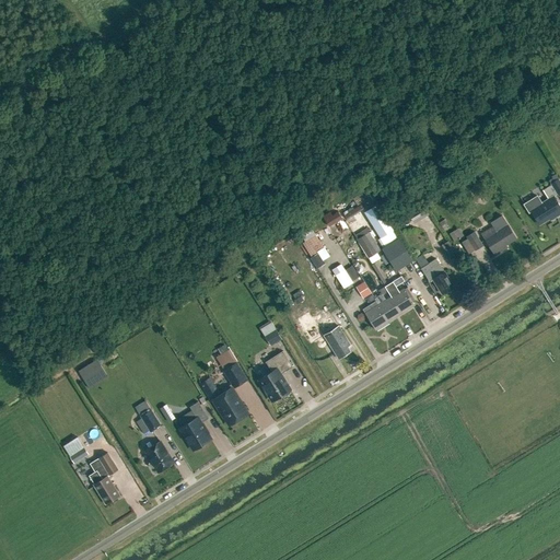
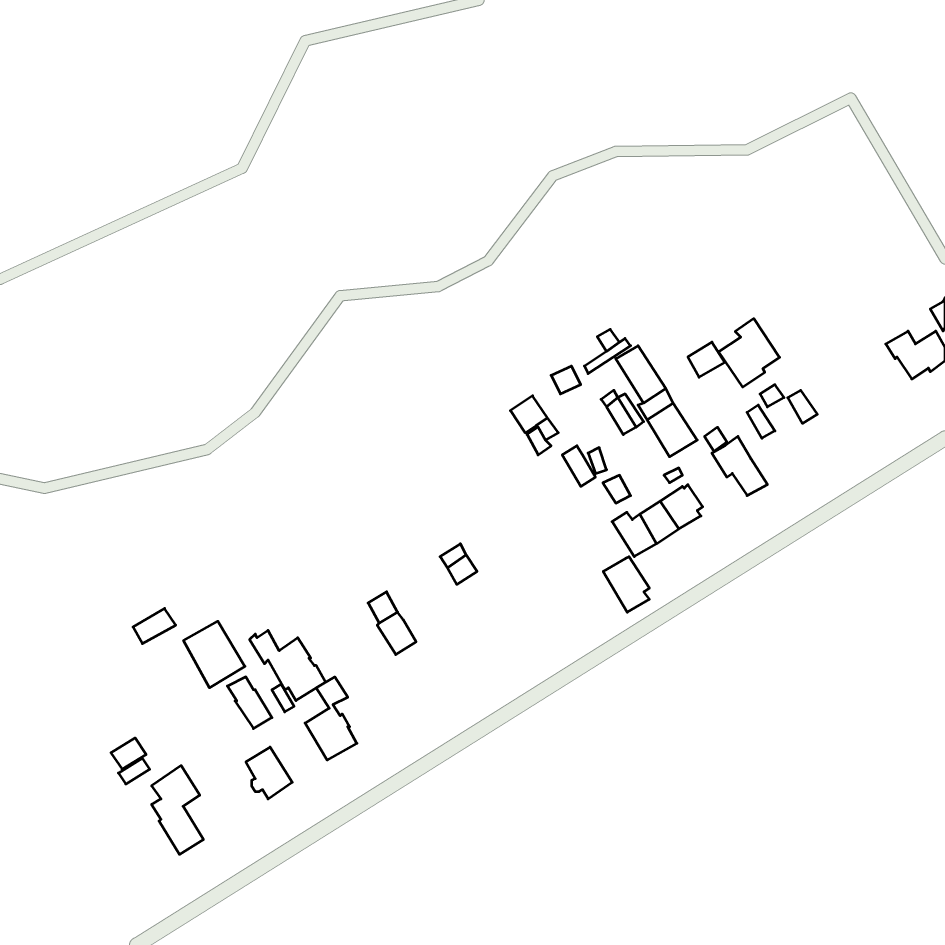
building: [480,214,516,255] -> [719,319,780,387]
building: [324,326,351,359] -> [603,557,649,612]
building: [259,351,292,400] -> none
building: none -> [184,621,245,688]
building: [202,383,247,424] -> [250,630,325,701]

